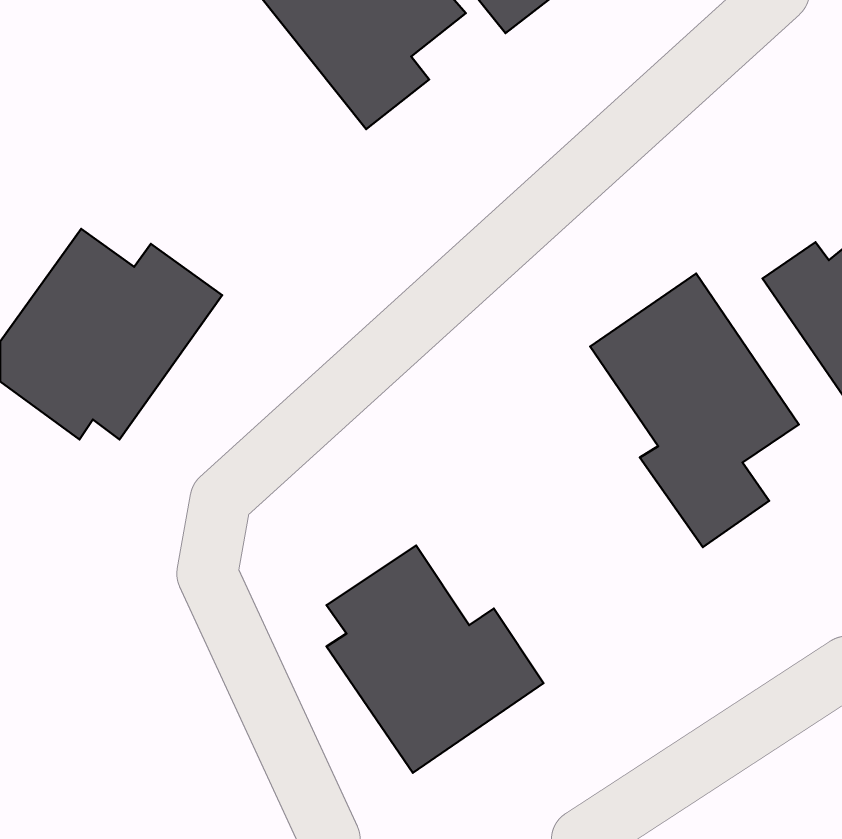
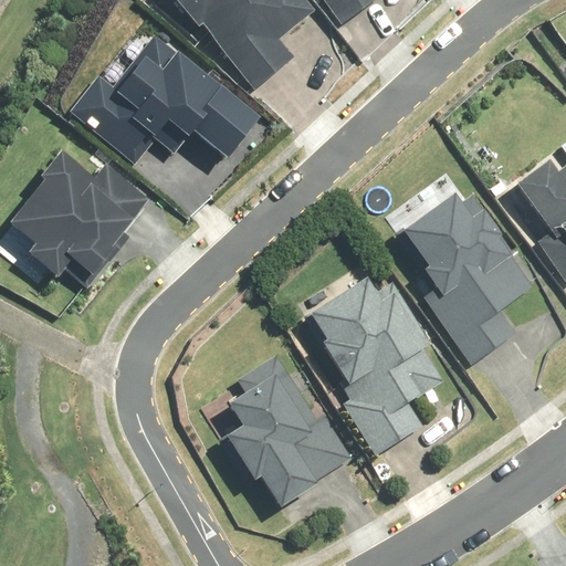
building: none -> [71,30,263,159]
building: none -> [307,272,447,457]

